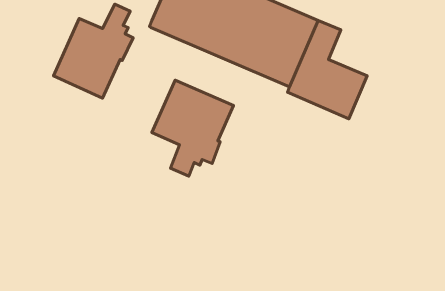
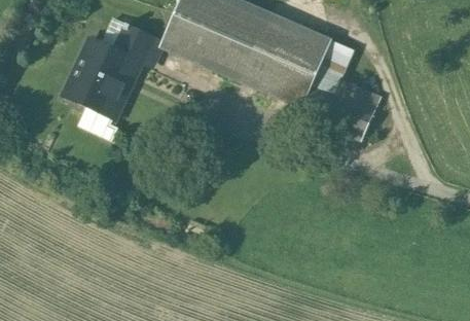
building: none -> [134,30,162,61]
building: [152,80,234,176] -> none

